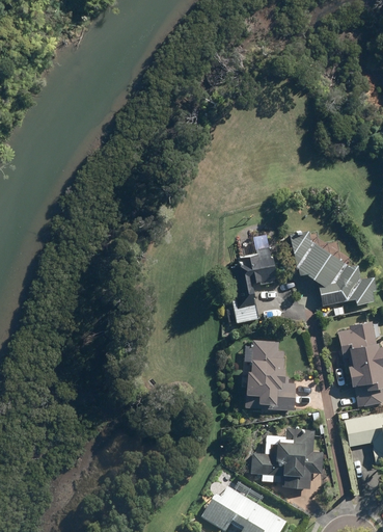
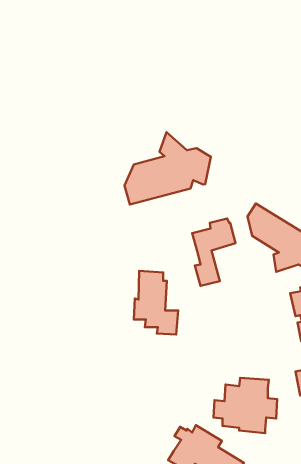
building: none -> [124,132,211,204]
building: [246,339,296,410] -> [134,271,178,334]

